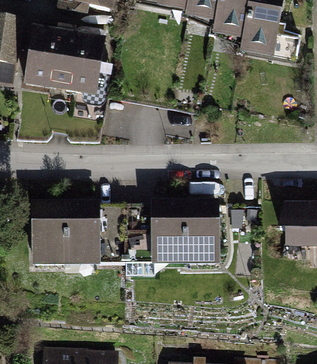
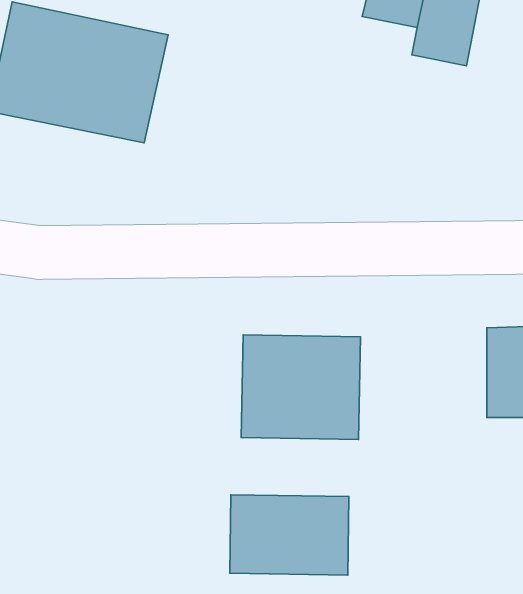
building: [34,204,100,262] -> none
building: none -> [230,495,349,575]

